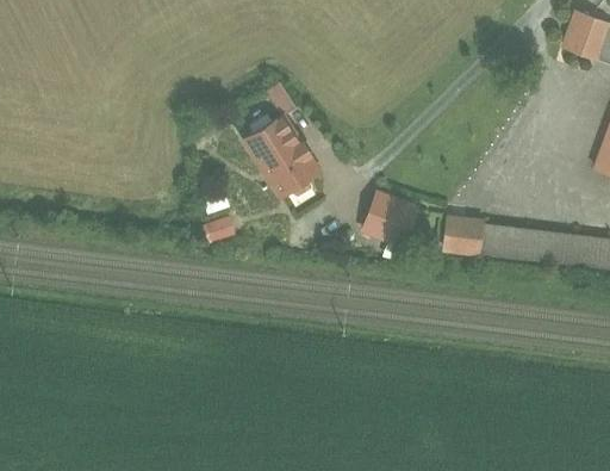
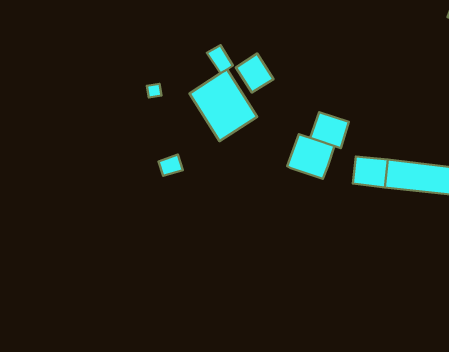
building: none -> [236,53,274,93]
building: none -> [310,112,349,148]

